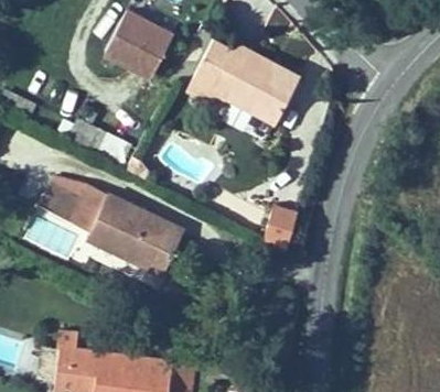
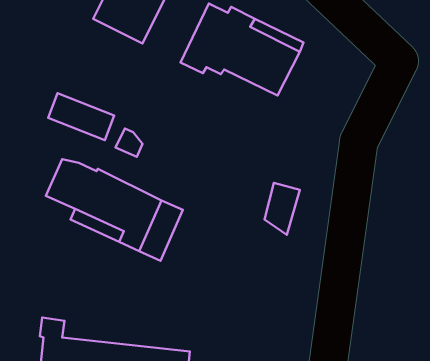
building: [35,177,76,217] -> none

